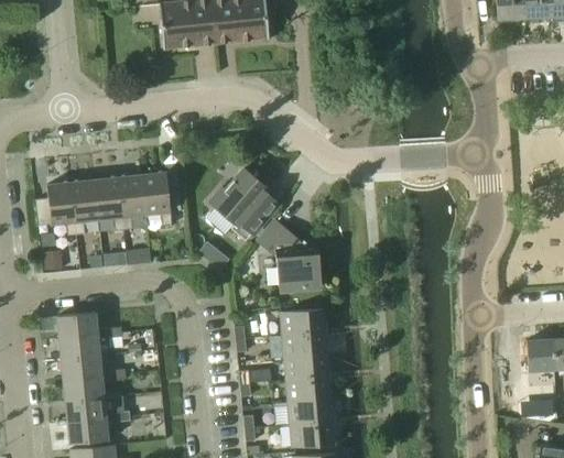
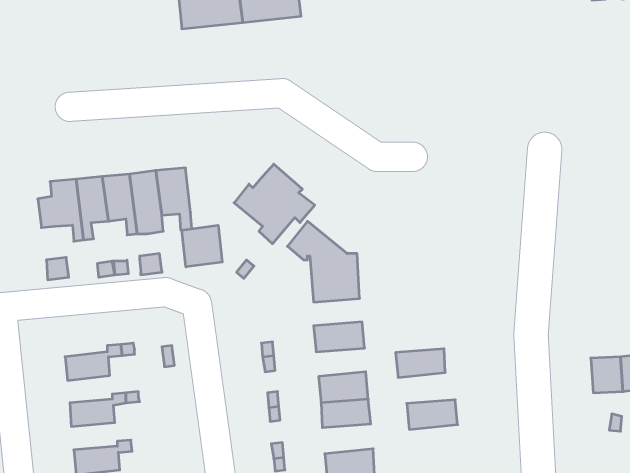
building: none -> [182,225,222,267]
building: [57,312,97,339] -> none
building: [282,331,326,357] -> [396,349,445,377]
building: [62,356,101,380] -> none
building: [65,395,129,423] -> none
building: [288,399,333,425] -> [407,400,458,429]

